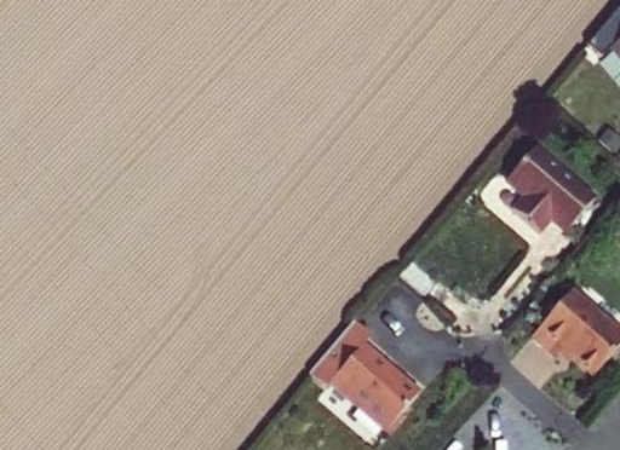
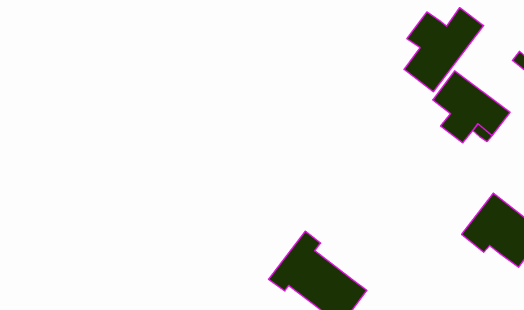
building: none -> [404,8,484,92]

